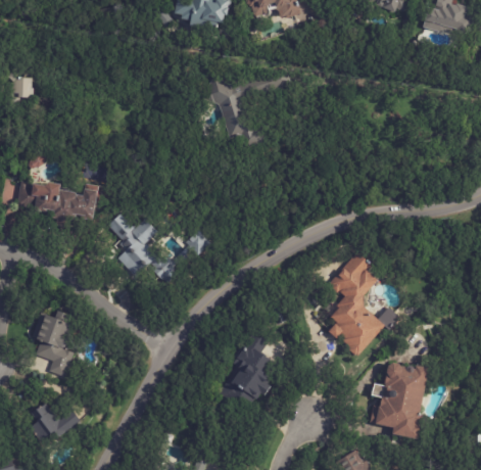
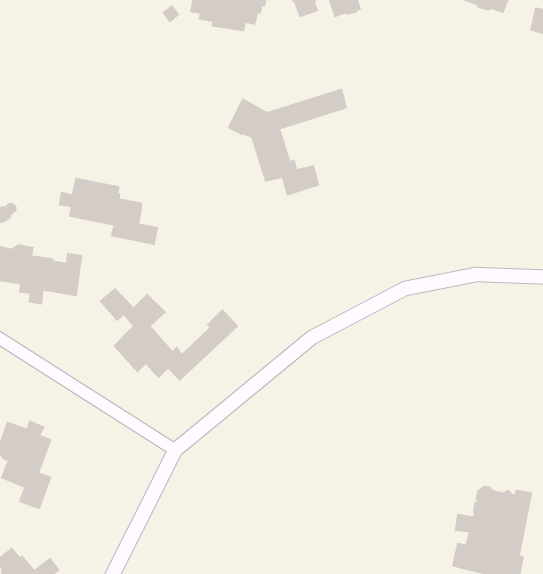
building: none -> [58,177,159,246]
building: [325,248,382,354] -> none
building: [220,331,275,412] -> none

